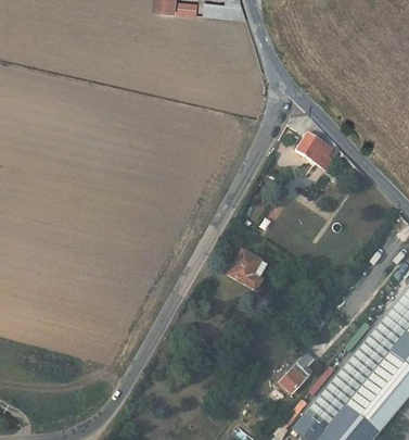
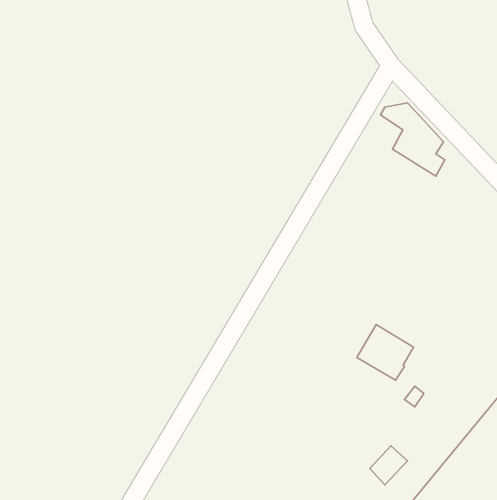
building: [223,253,265,293] -> [357,325,414,380]

